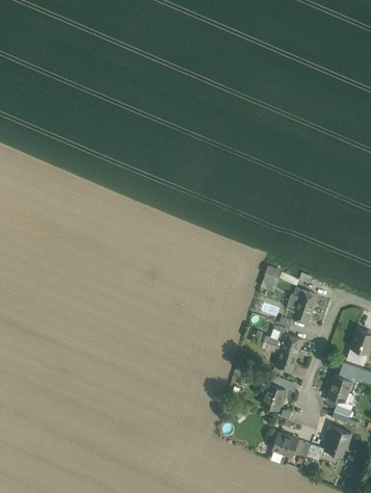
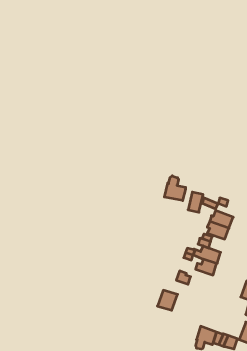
building: none -> [164,176,186,201]
building: [260,384,285,409] -> [157,290,178,310]

